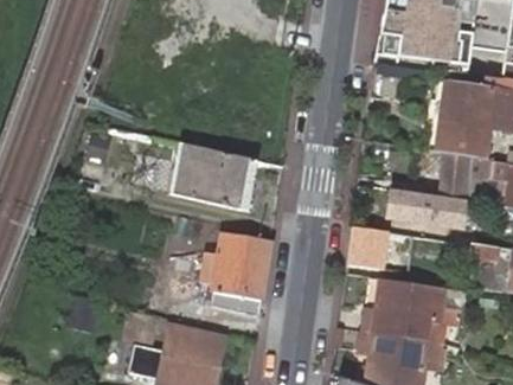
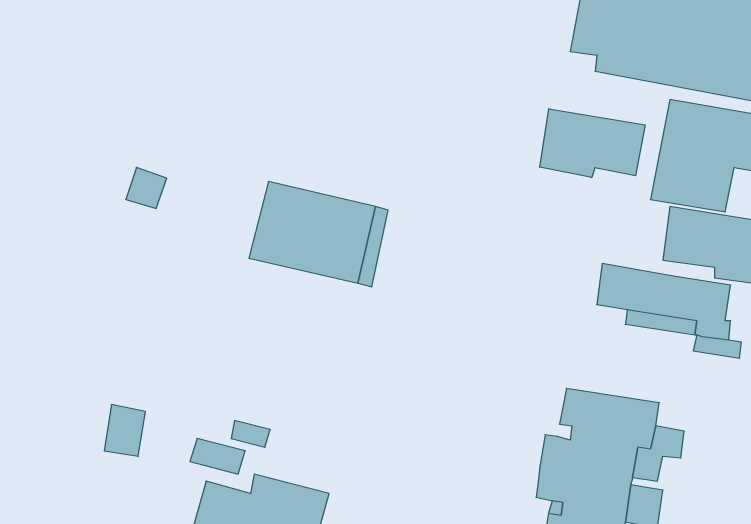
building: none -> [540,109,645,178]
building: [347,224,390,269] -> none
building: [194,229,268,326] -> none

